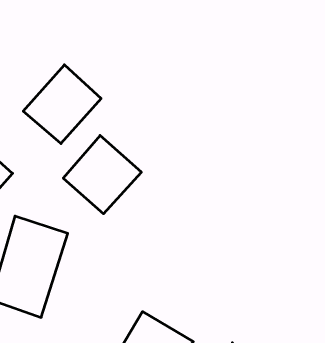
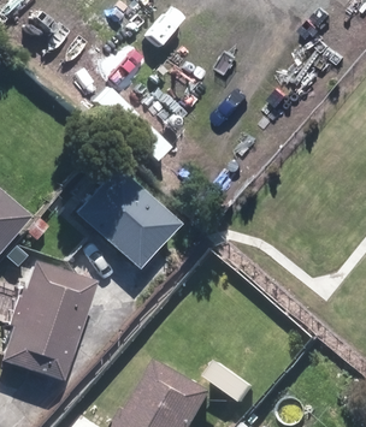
building: [23,65,101,144] -> none

